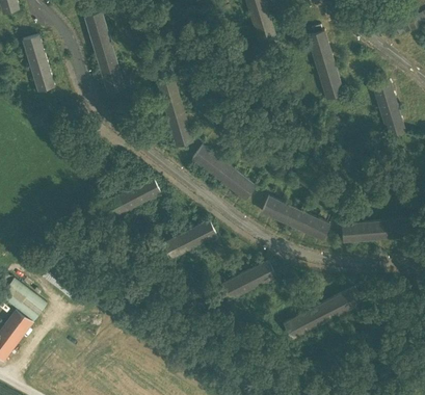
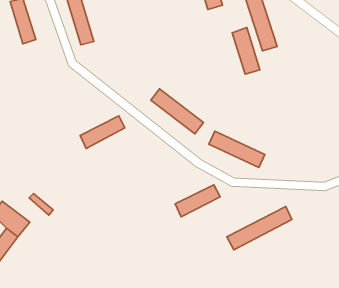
building: [157,77,192,146] -> none
building: [372,80,405,136] -> [232,28,260,74]
building: [343,218,409,241] -> none
building: [162,219,216,258] -> none

